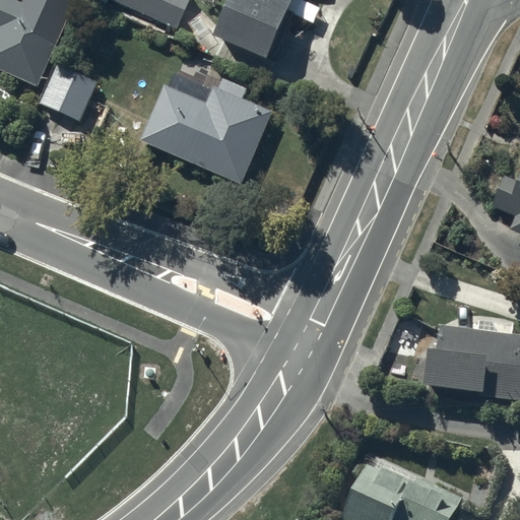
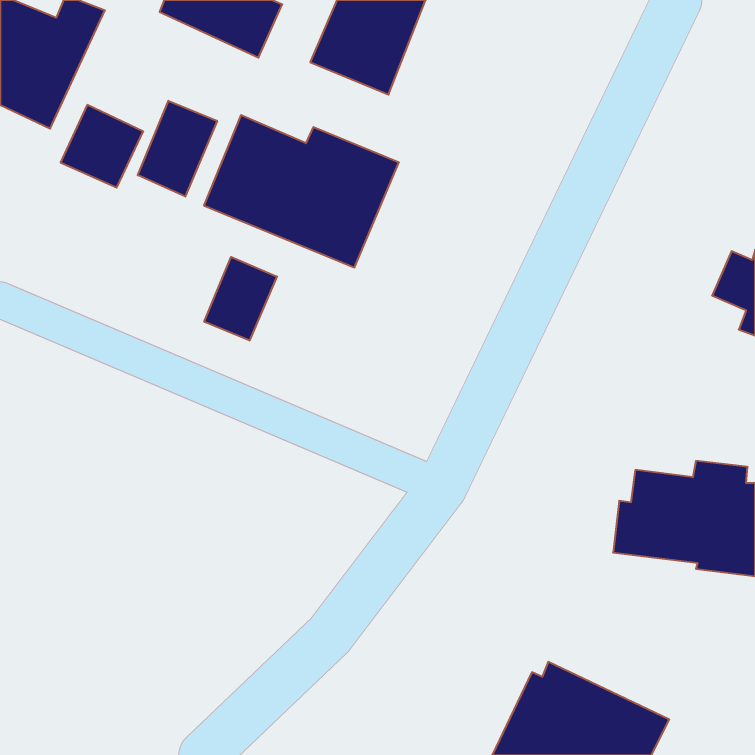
building: none -> [138,101,217,197]
building: none -> [204,257,277,341]

